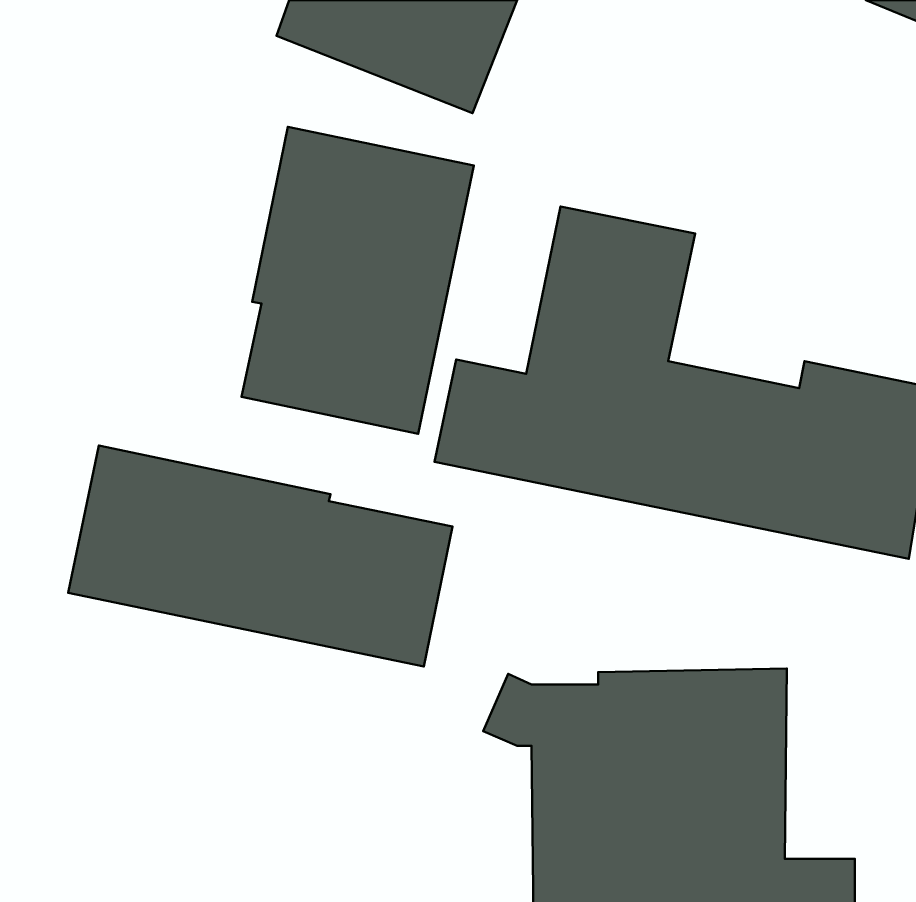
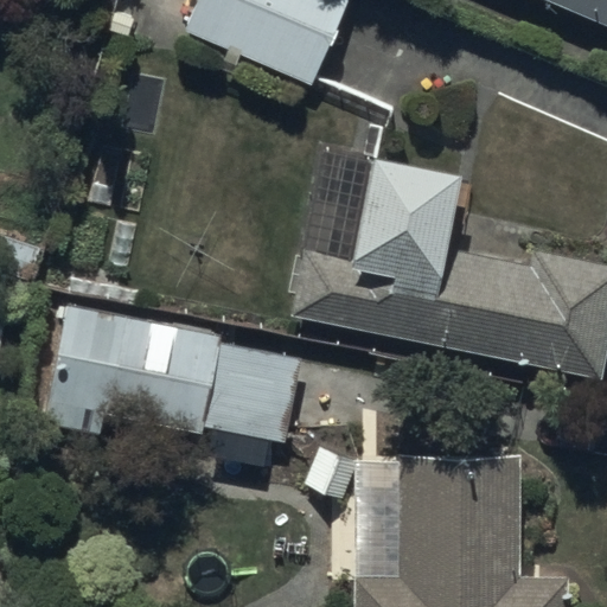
building: [241,127,474,434] -> none

